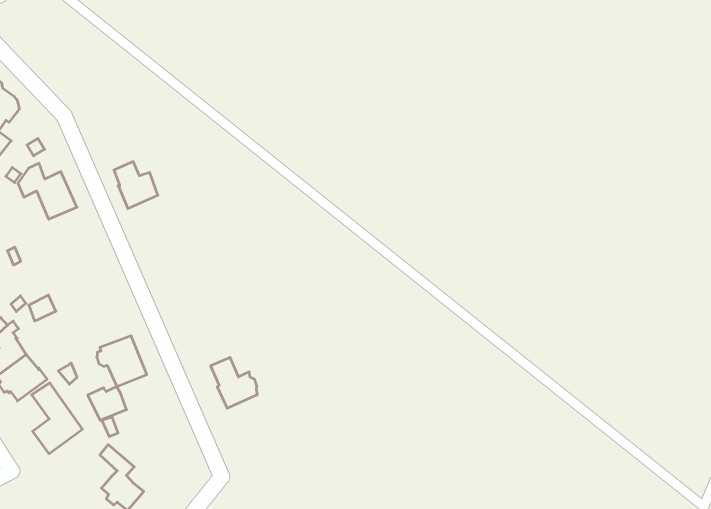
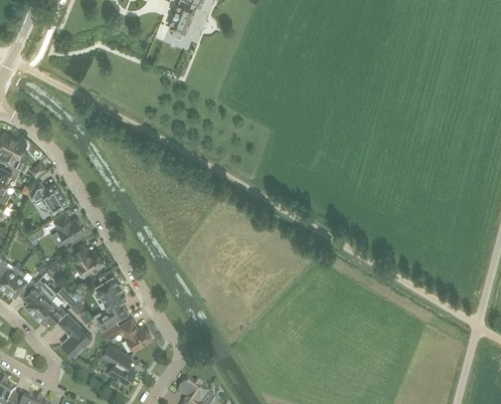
building: [114,162,158,209] -> [54,213,84,242]
building: none -> [71,245,104,275]
building: [211,357,257,408] -> [120,319,151,350]

